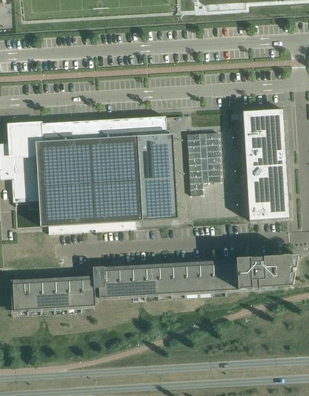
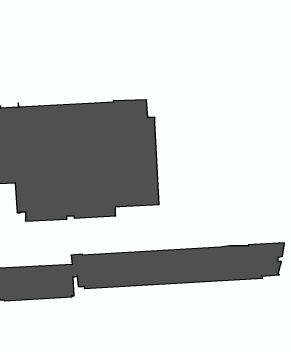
building: [242,108,289,219] -> none
building: [184,130,218,194] -> none

